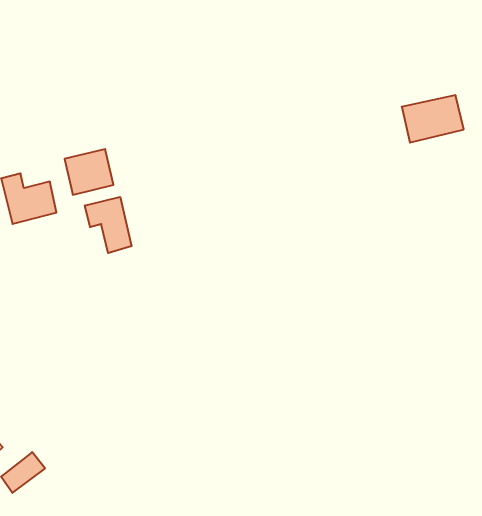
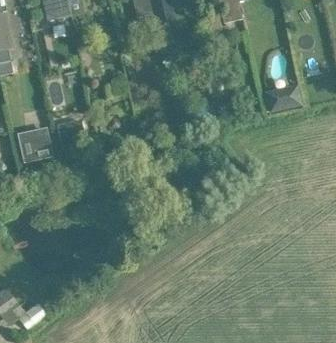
building: [85,197,132,253] -> none

